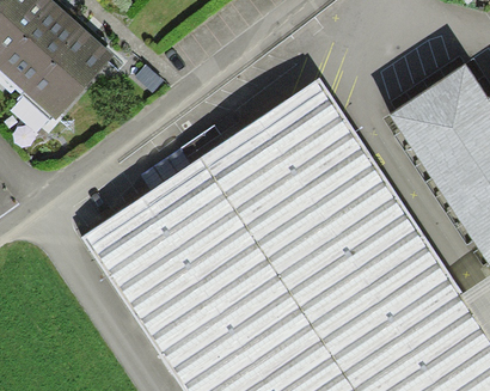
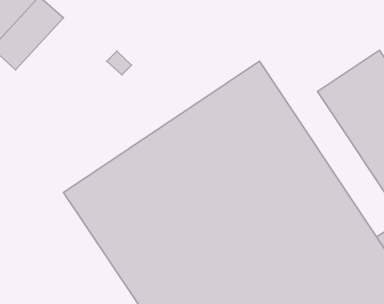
building: [24,25,116,120] -> none

